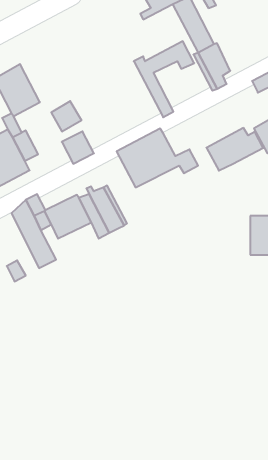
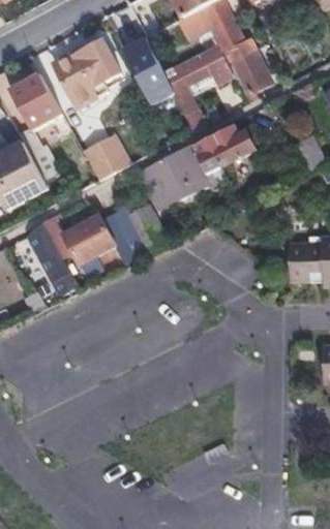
building: none -> [123,38,174,104]
building: none -> [56,39,121,106]
building: [206,128,263,171] -> [194,127,257,174]

